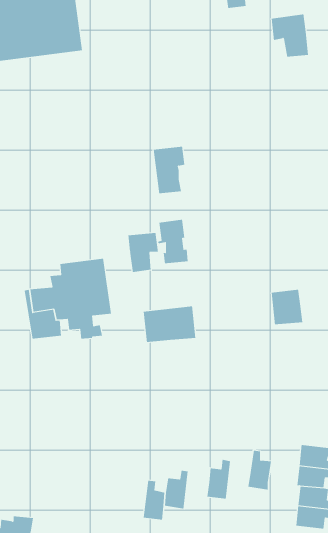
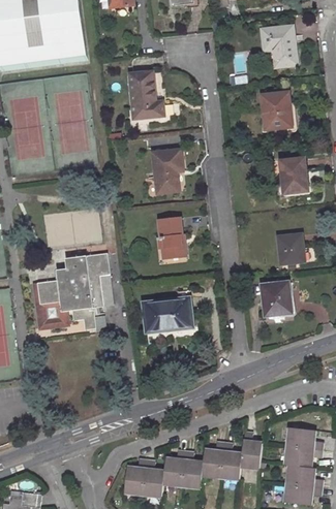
building: none -> [127,70,163,117]
building: none -> [261,91,289,128]
building: none -> [279,156,307,192]
building: [128,232,159,273] -> none
building: none -> [276,232,303,263]
building: none -> [219,441,241,478]
building: none -> [180,450,203,487]
building: none -> [123,458,146,494]

